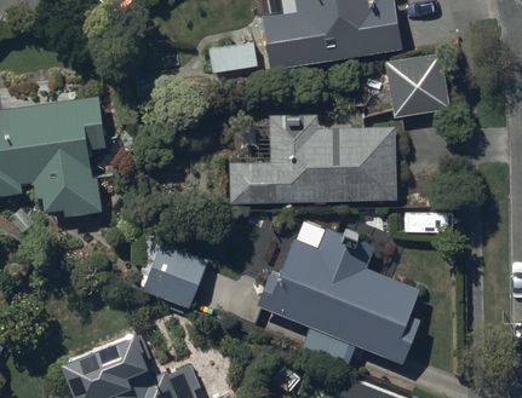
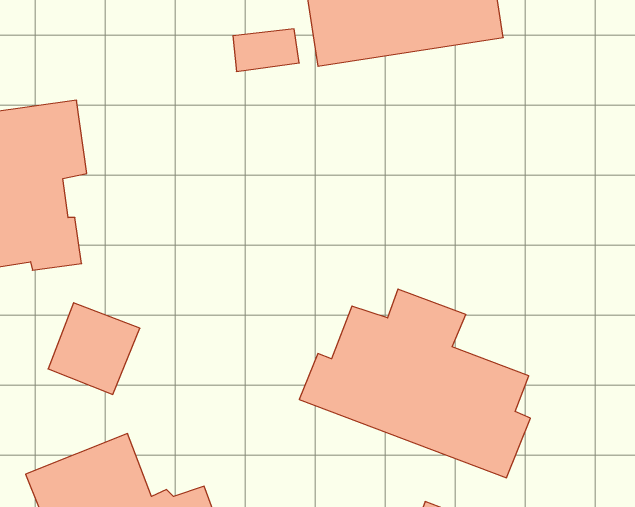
building: [384,53,447,119] -> none
building: [229,115,396,202] -> none
building: [142,244,207,310] -> [48,303,140,394]

